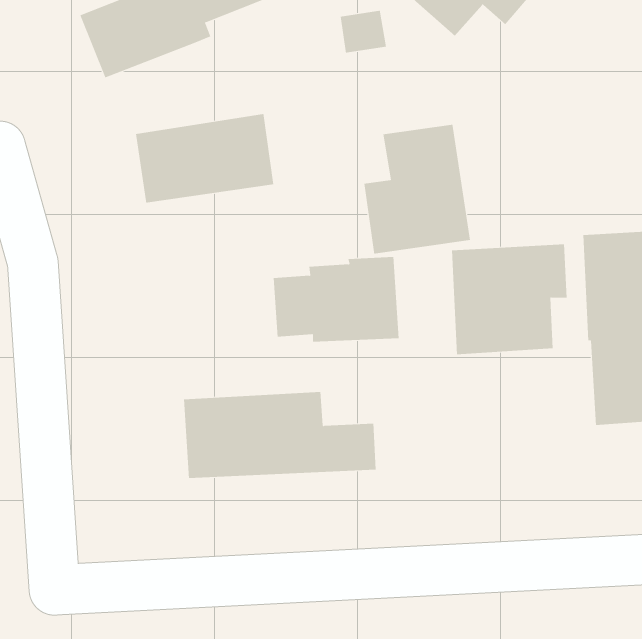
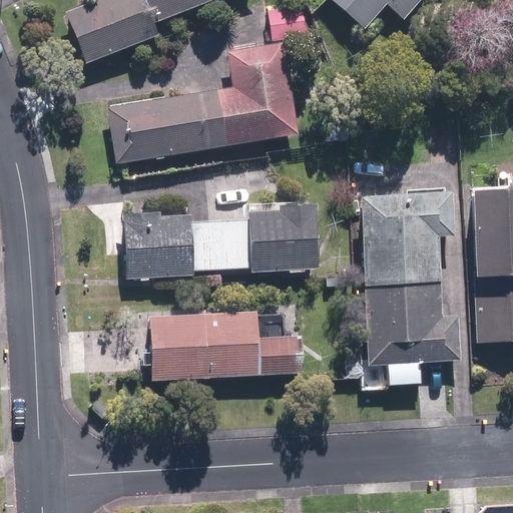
building: [364,124,471,254] -> [212,43,298,146]
building: none -> [123,212,222,279]
building: none -> [365,277,461,365]

